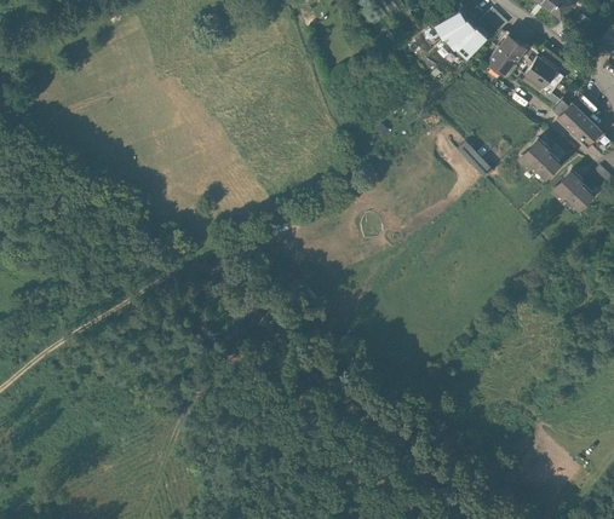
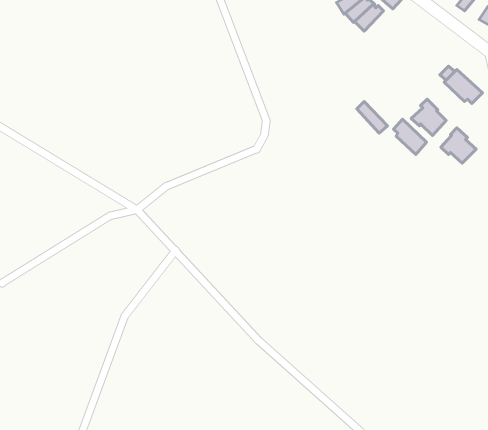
building: [486,36,527,79] -> none
building: [524,57,563,92] -> none
building: none -> [393,119,426,154]

